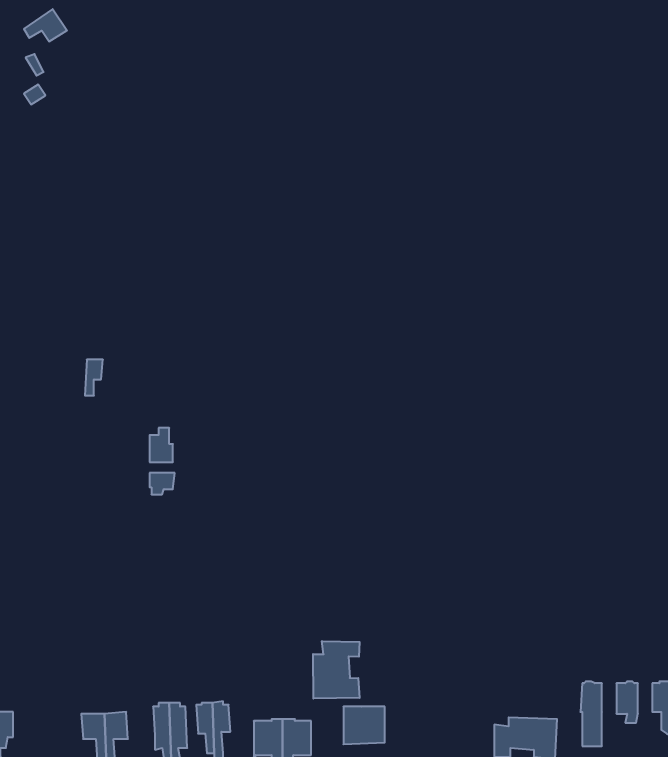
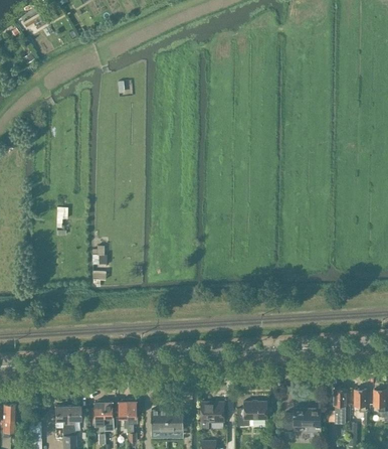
building: [313,641,360,699] -> none
building: none -> [237,403,266,427]

